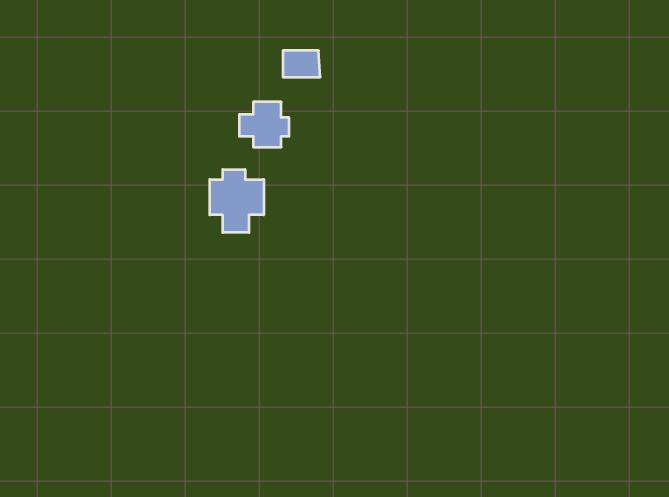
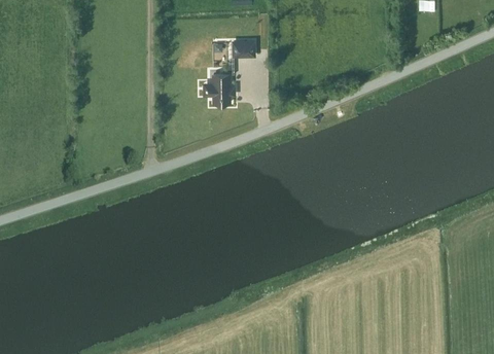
building: [210,169,264,233] -> none

